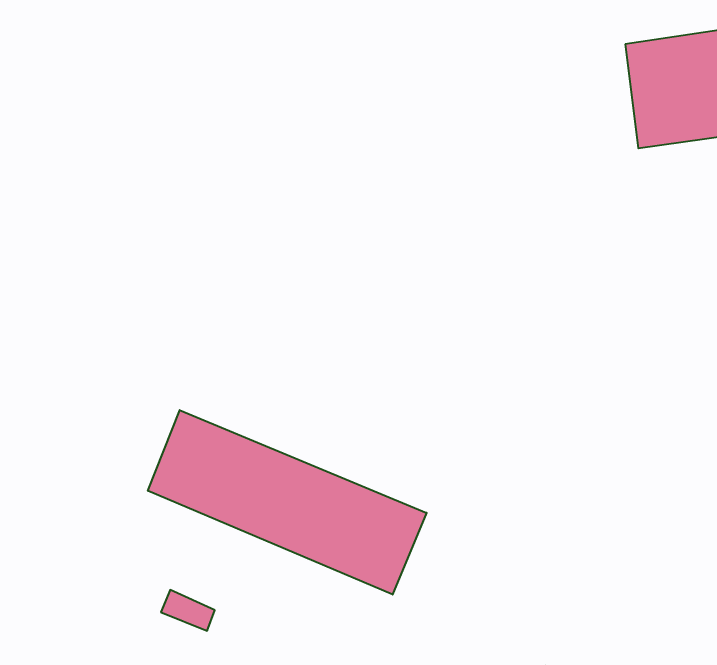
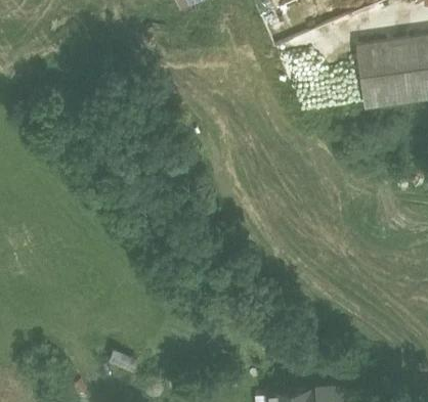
building: [148,410,427,595] -> none

